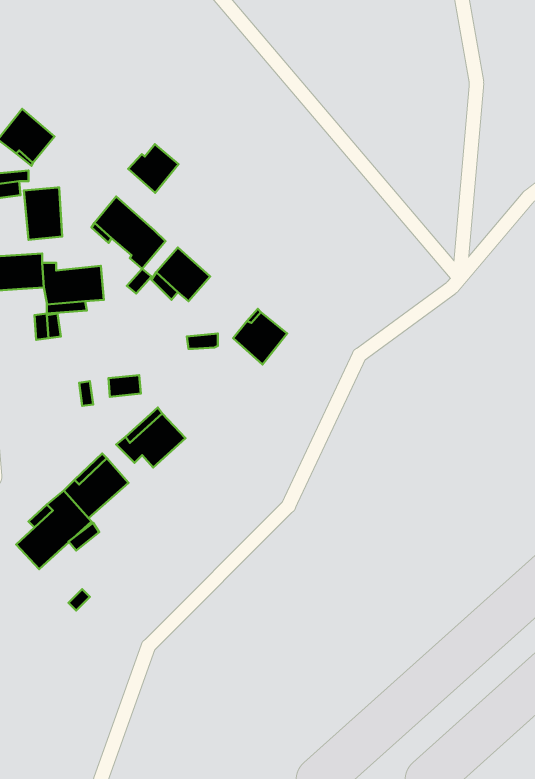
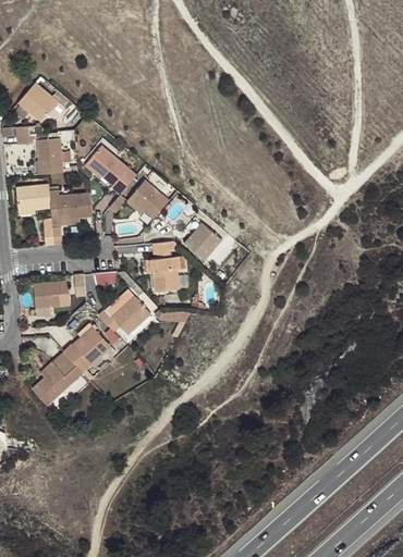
building: [128,144,178,193] -> none
building: none -> [150,257,180,292]
building: none -> [33,282,70,308]

